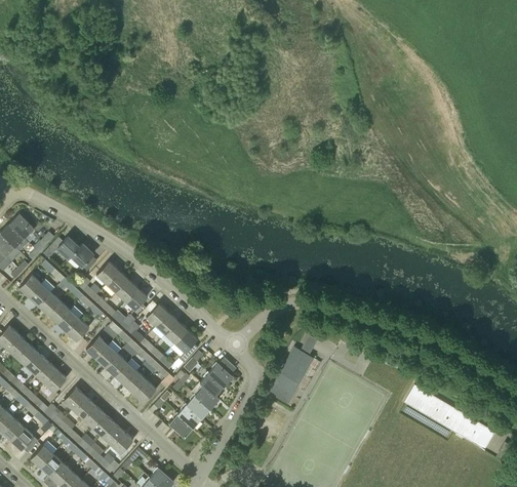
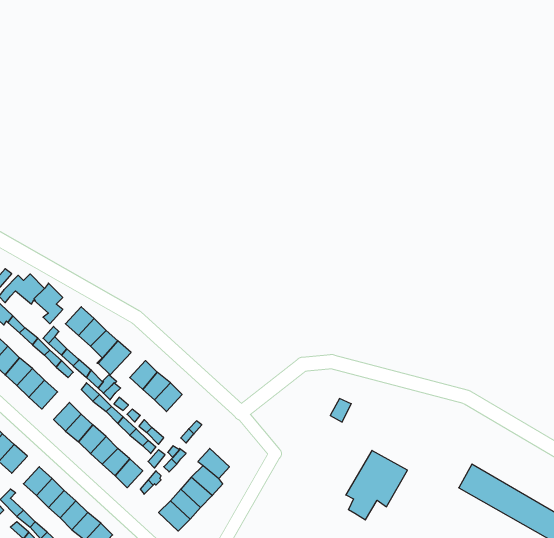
building: [175,330,198,363] -> none
building: [274,347,322,401] -> [346,450,407,520]
building: [209,358,236,387] -> none

